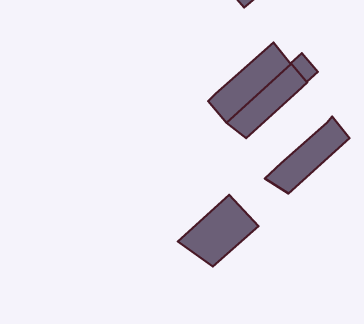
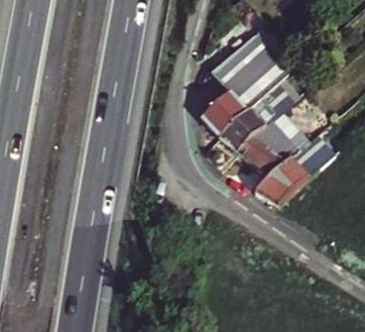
building: none -> [211,39,265,94]
building: [178,195,258,267] -> [238,108,313,175]

